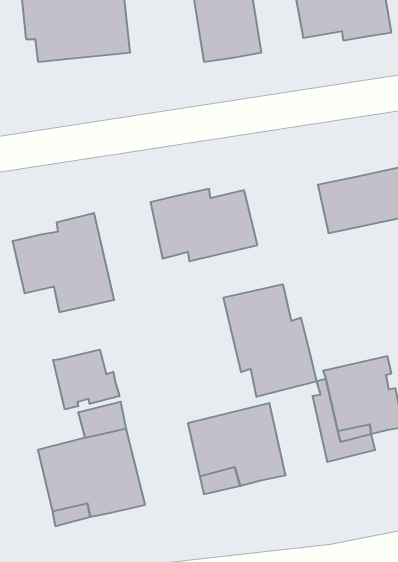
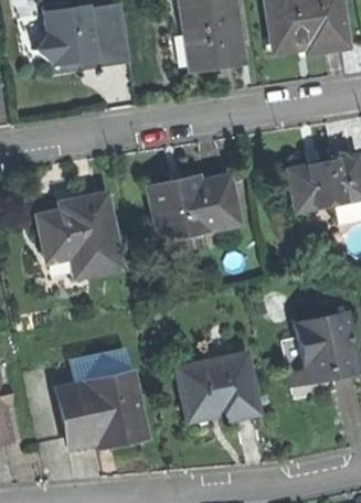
building: [224,284,316,397] -> none
building: [53,350,119,409] -> none

